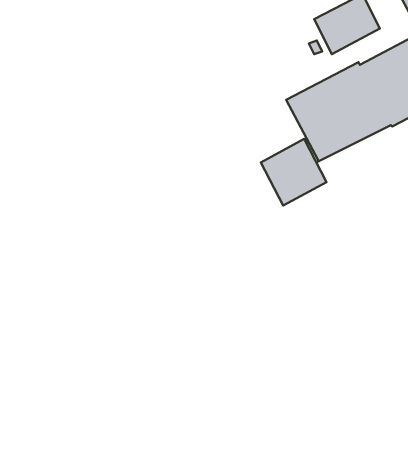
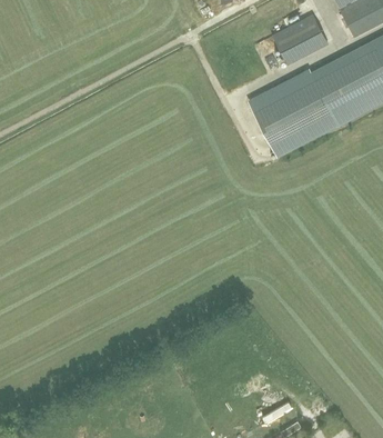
building: [261,139,327,206] -> none

